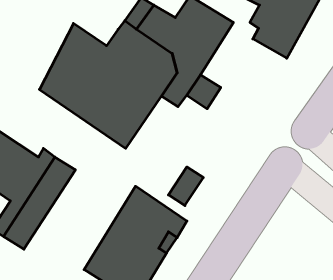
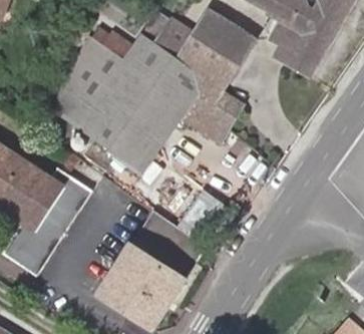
building: none -> [88,27,134,63]

